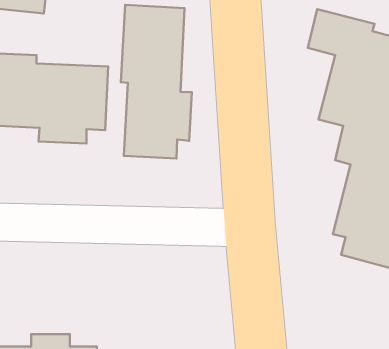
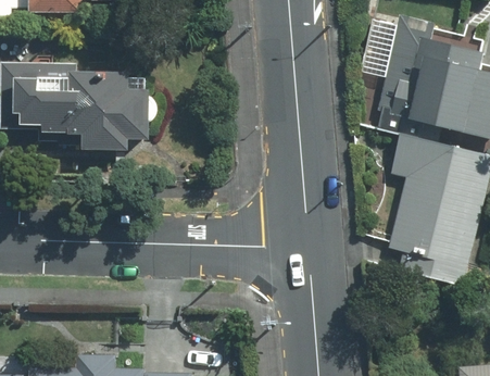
building: [121,5,192,159] -> none

